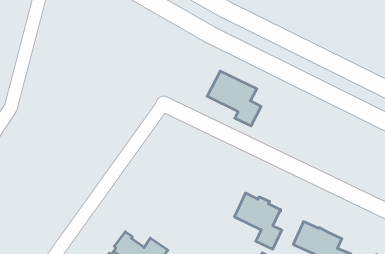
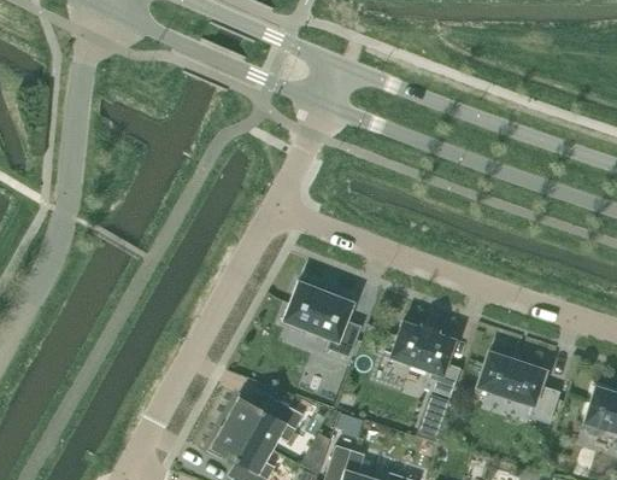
building: [207,71,261,126] -> [283,286,360,358]

